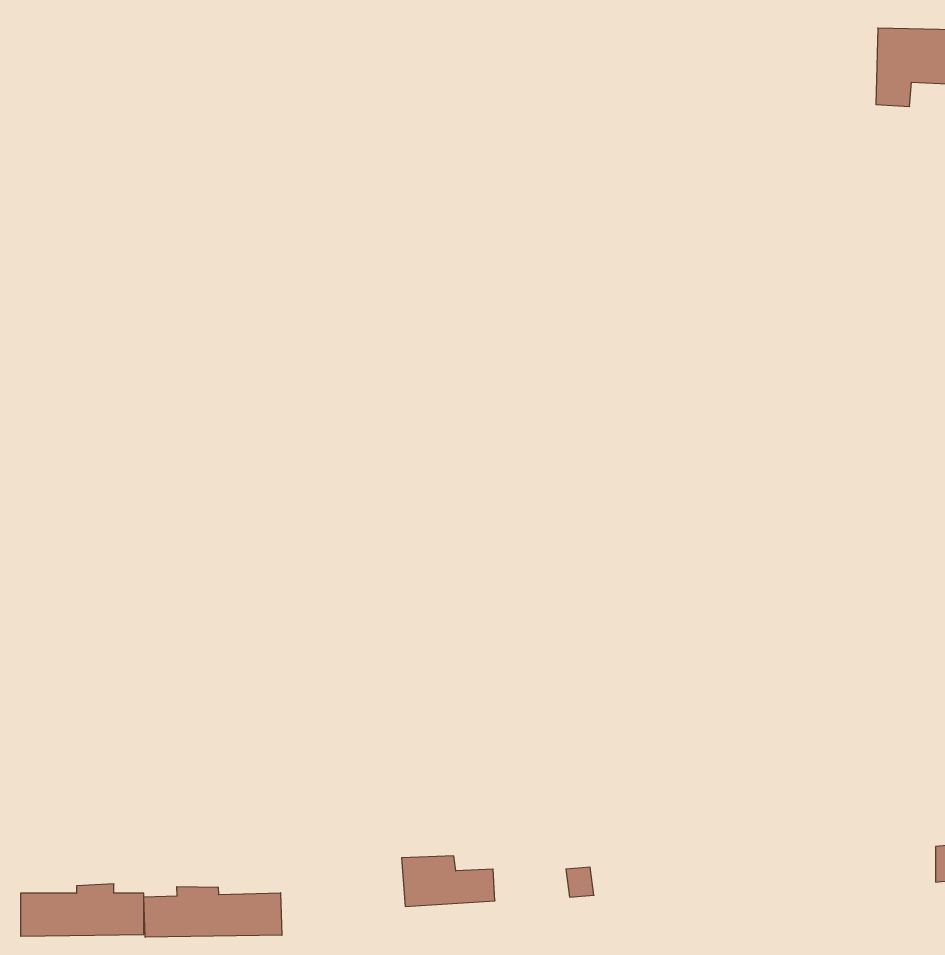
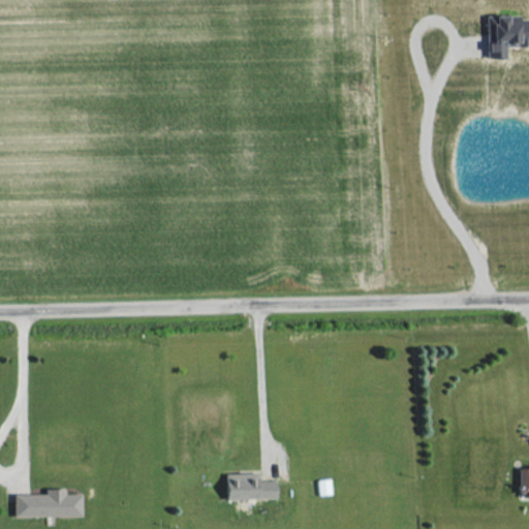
building: [144,887,282,937] -> none

